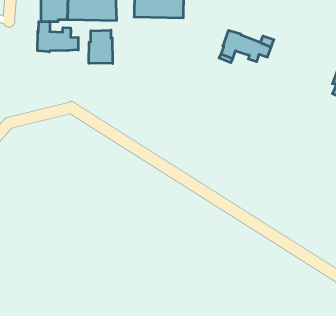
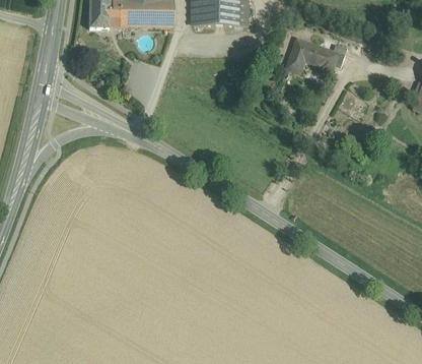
building: [38,21,78,52] -> none
building: [89,30,113,64] -> none

